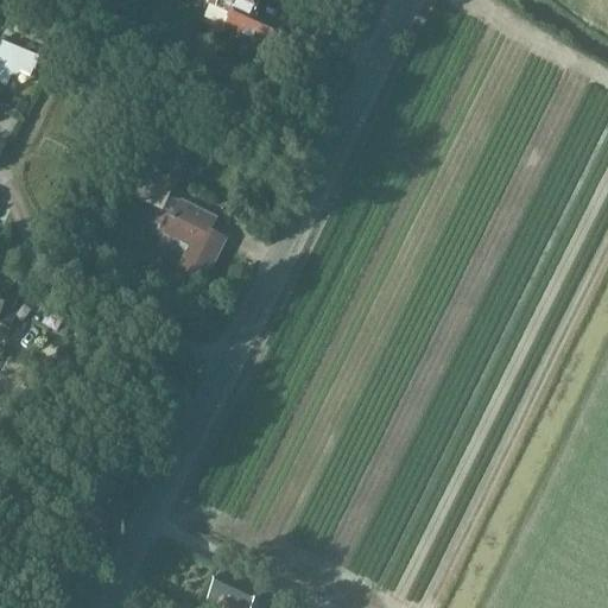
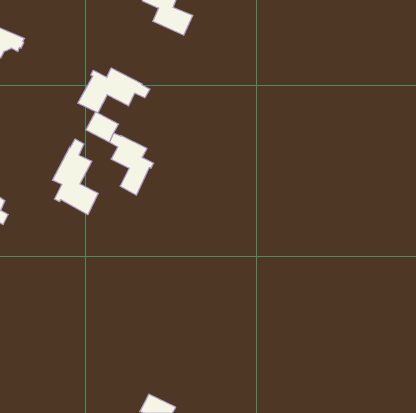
building: none -> [78,68,150,113]
building: none -> [52,139,98,215]

